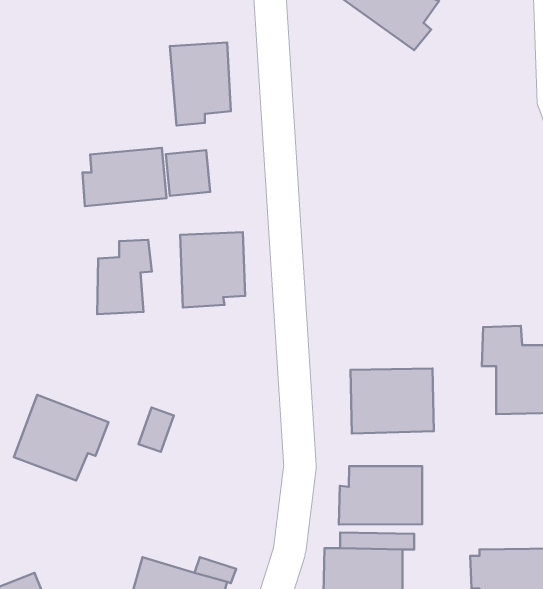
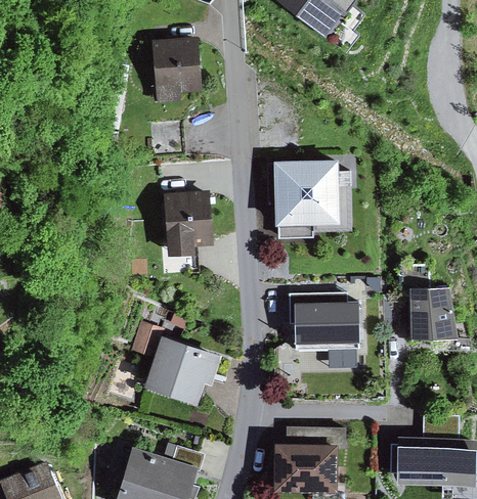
building: [83,148,166,206] -> none
building: none -> [272,158,352,235]
building: [97,240,152,314] -> none
building: [14,395,109,481] -> [146,334,221,402]
building: [339,466,422,525] -> none

